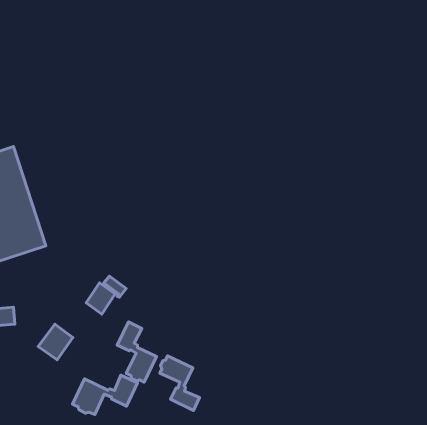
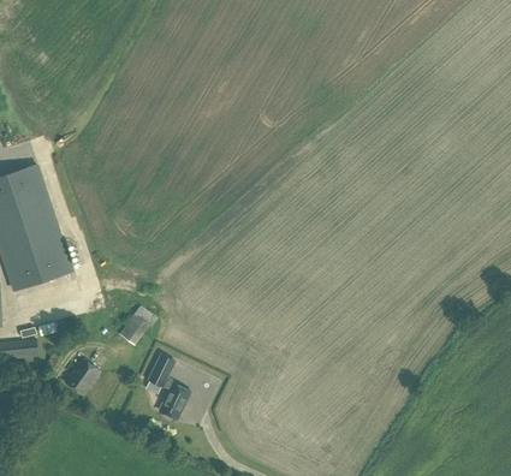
building: [160,356,200,410] -> none
building: [72,375,138,415] -> none

